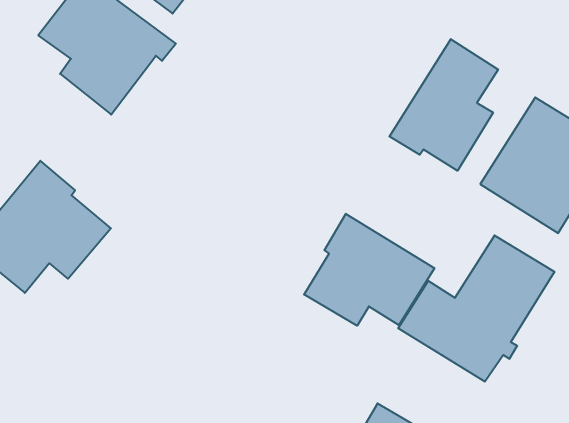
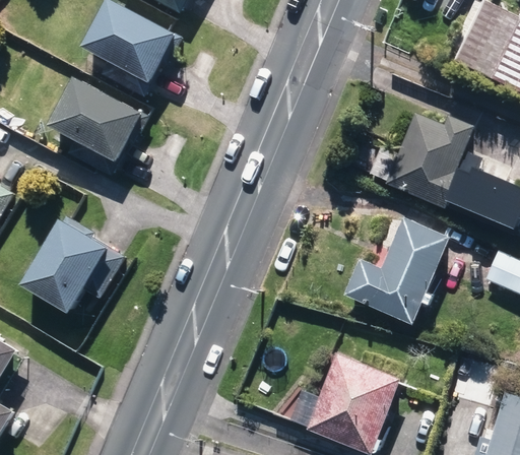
building: [389,39,498,171] -> none
building: [304,214,434,326] -> none

